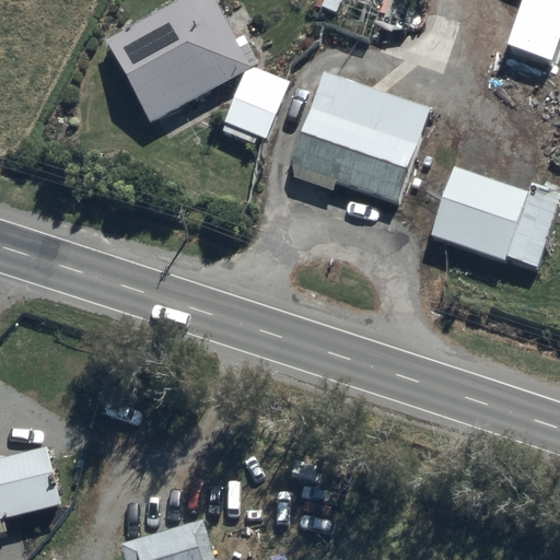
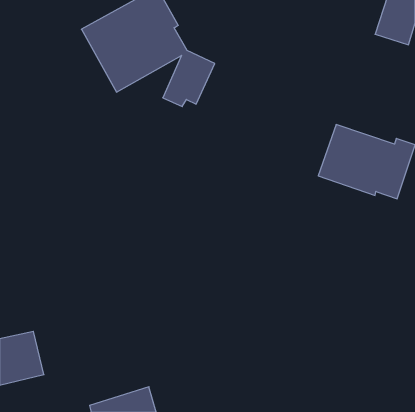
building: [293,70,429,202] -> none

